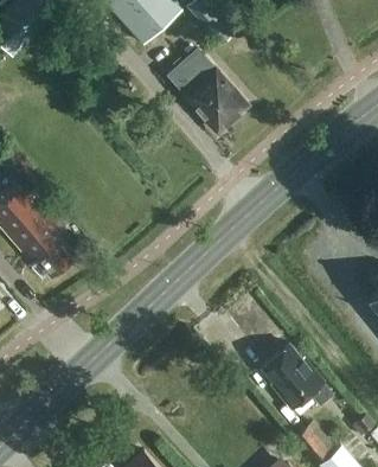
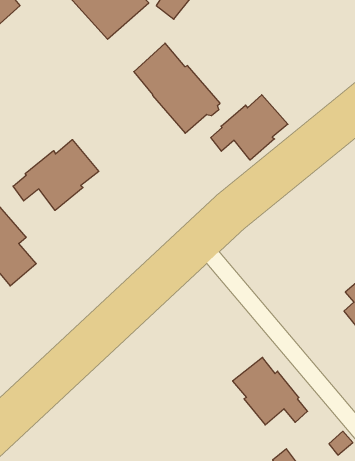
building: none -> [211,95,288,160]
building: none -> [13,140,99,210]

